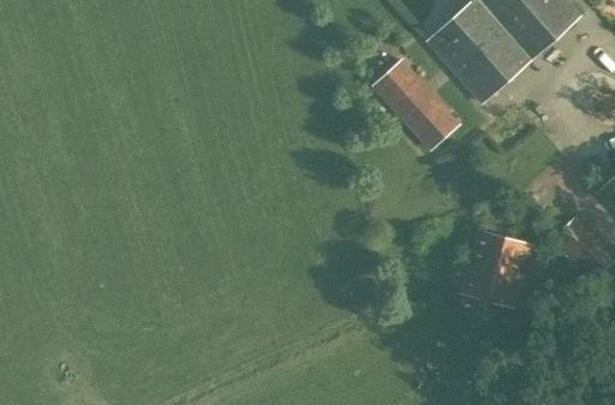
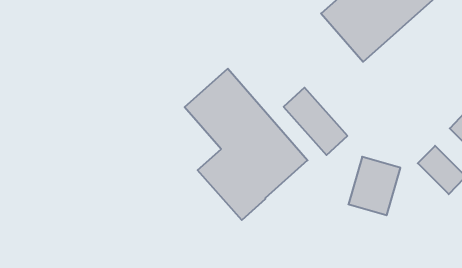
building: [374,59,458,148] -> [284,88,347,155]
building: none -> [185,69,308,220]

